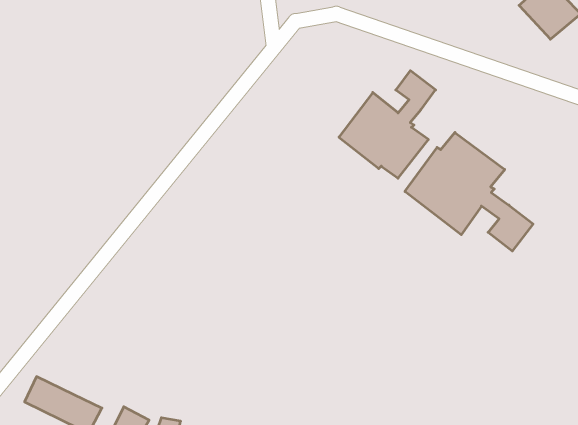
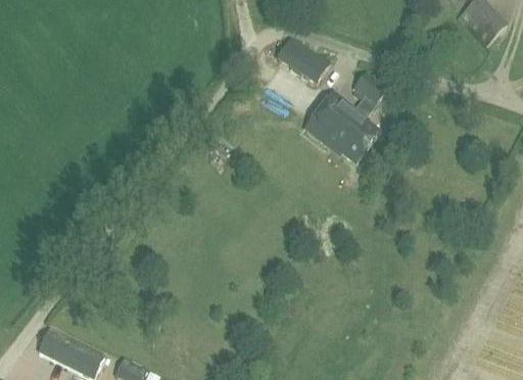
building: none -> [277,36,330,82]
building: [405,132,533,251] -> none

